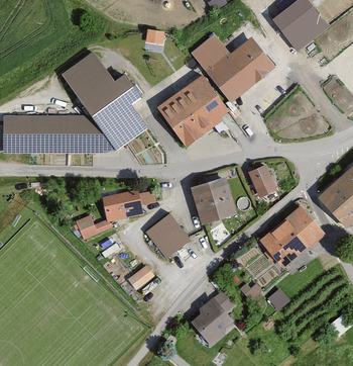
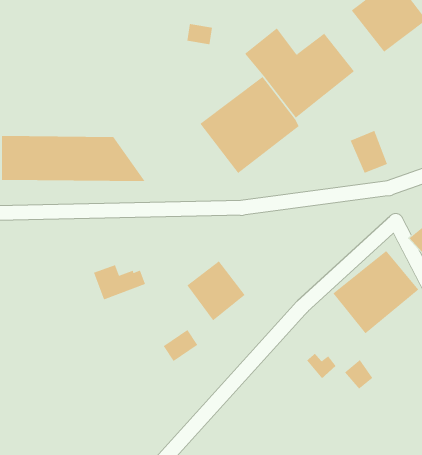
building: [60,50,147,152] -> none
building: [247,164,276,197] -> [350,130,388,174]
building: [190,177,236,224] -> none
building: [101,185,157,221] -> none
building: [192,289,236,346] -> none

